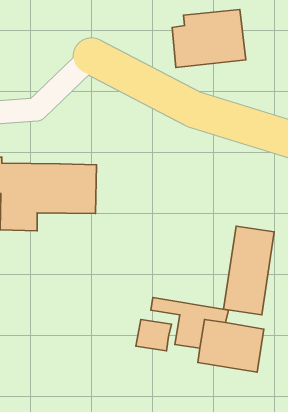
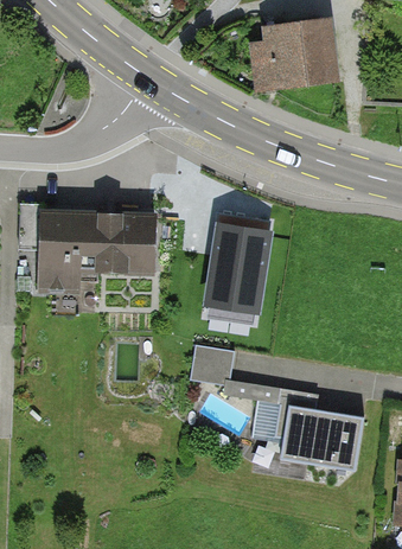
building: [224,226,274,315] -> [204,215,267,325]
building: [136,319,171,351] -> [190,345,234,384]

